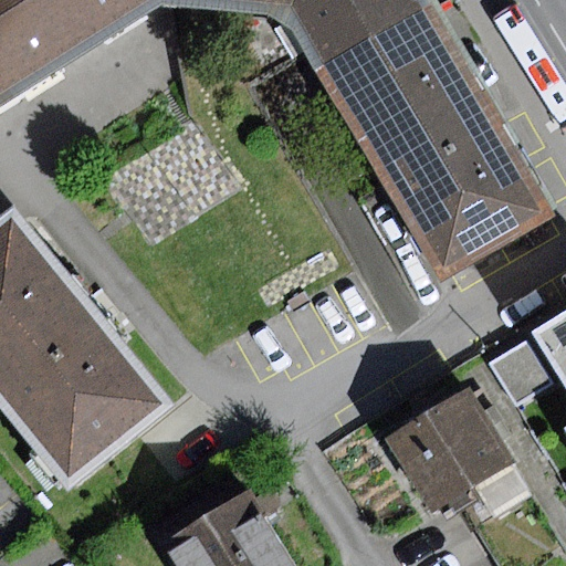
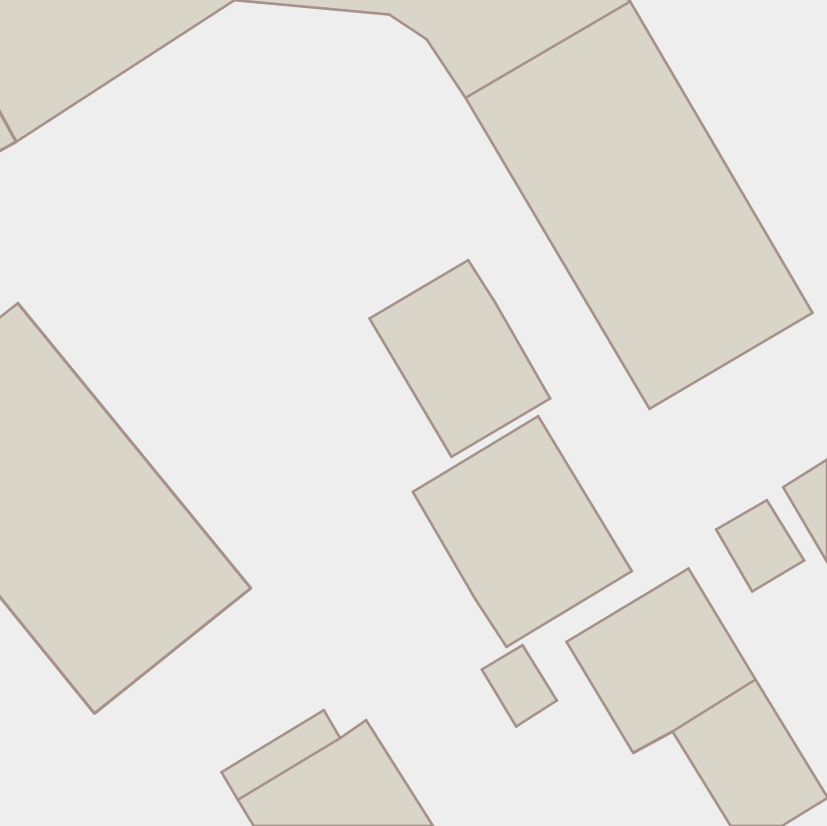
building: none -> [370,260,550,457]
building: none -> [413,416,632,647]

